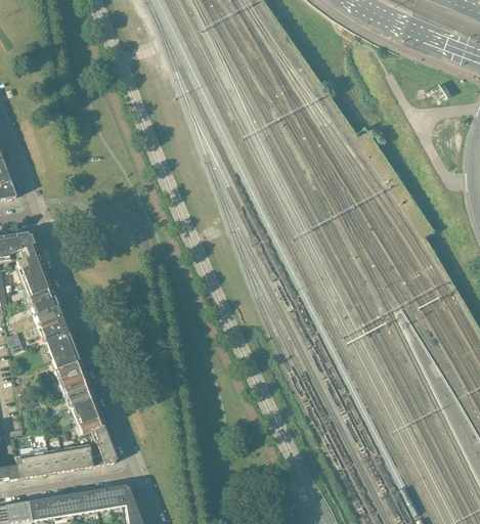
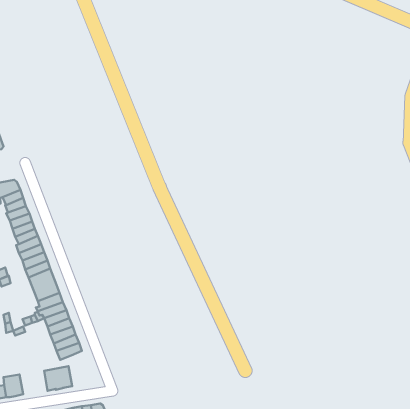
building: [90,425,117,465] -> none
building: [34,447,66,474] -> none

